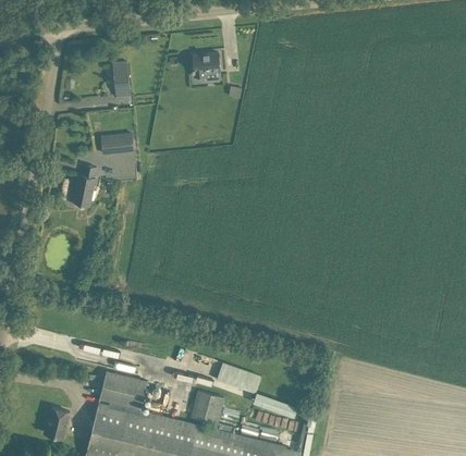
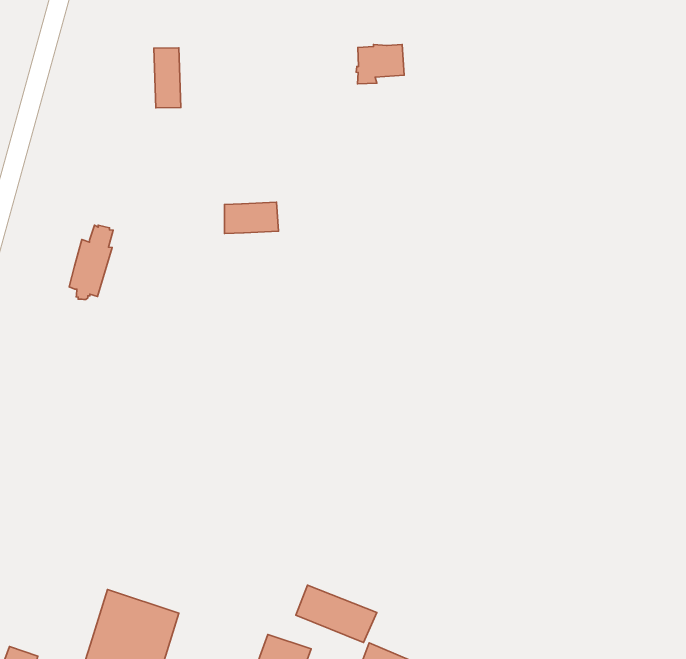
building: [193,52,220,76] -> [356,44,404,84]
building: [101,134,133,153] -> [224,202,278,233]

